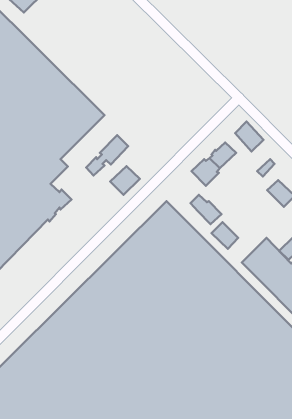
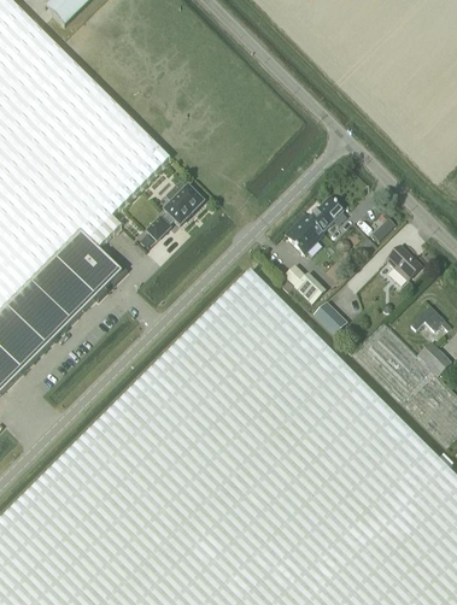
building: [235,122,264,151] -> none
building: [110,166,140,195] -> none

